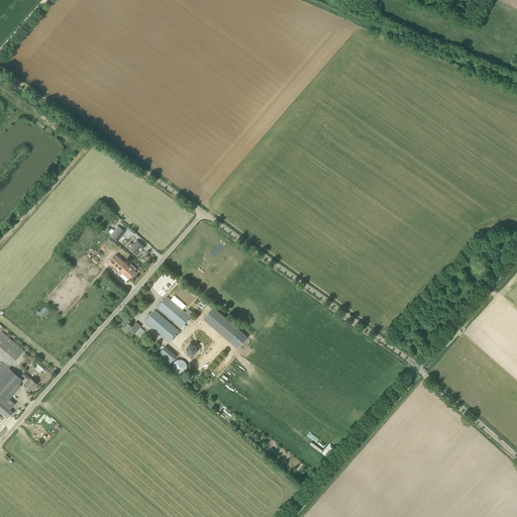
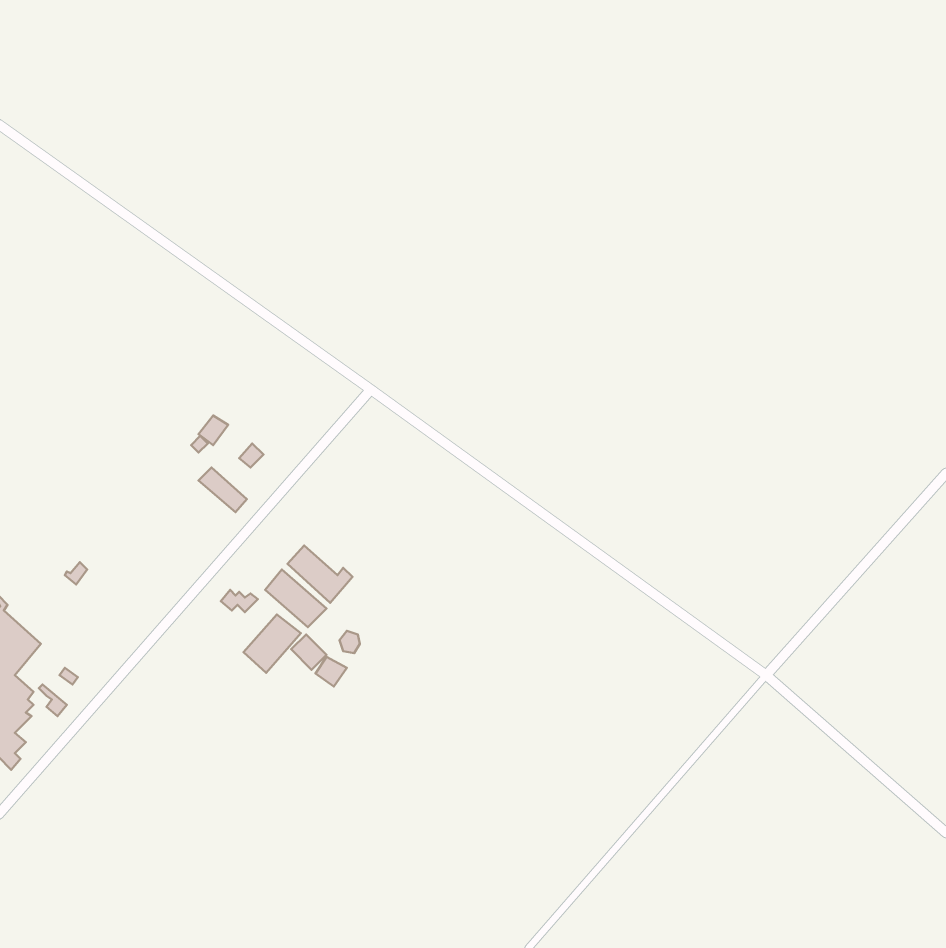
building: [203,306,241,342] -> none
building: none -> [244,614,301,673]

